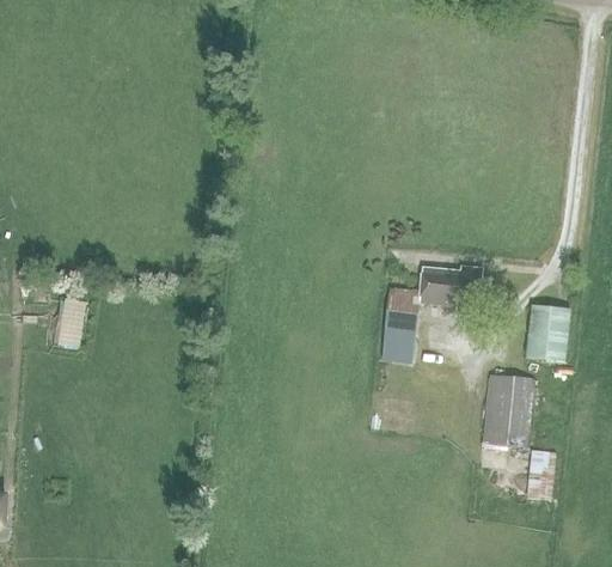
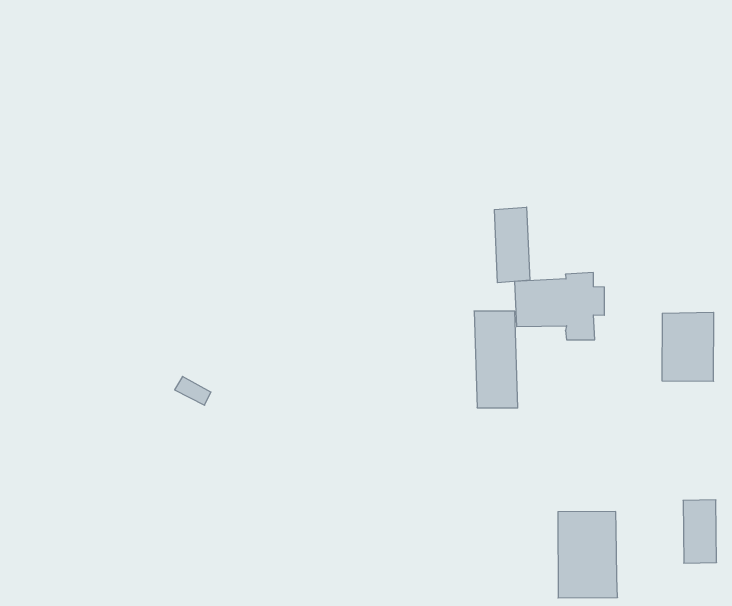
building: none -> [494,207,530,283]
building: [482,374,533,445] -> [558,512,618,598]

